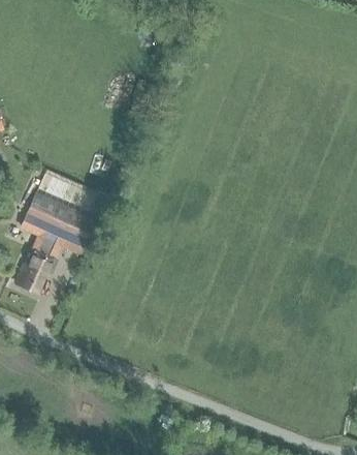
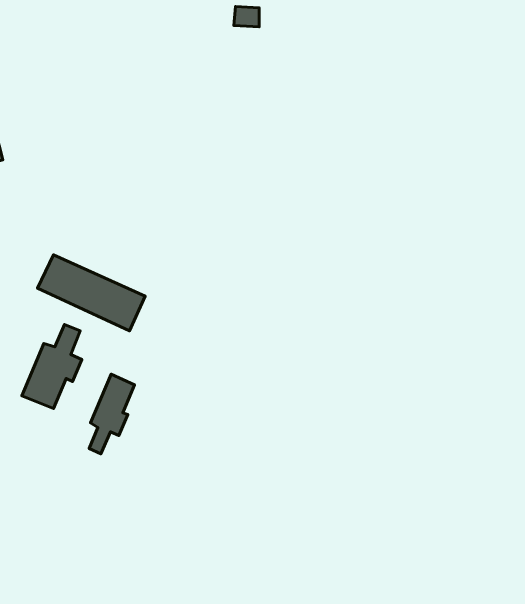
building: none -> [89,374,135,454]

